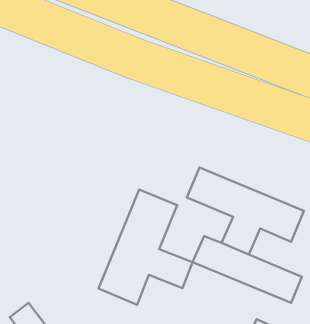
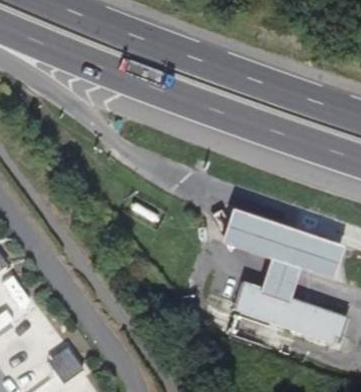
building: [98,189,193,305] -> none

